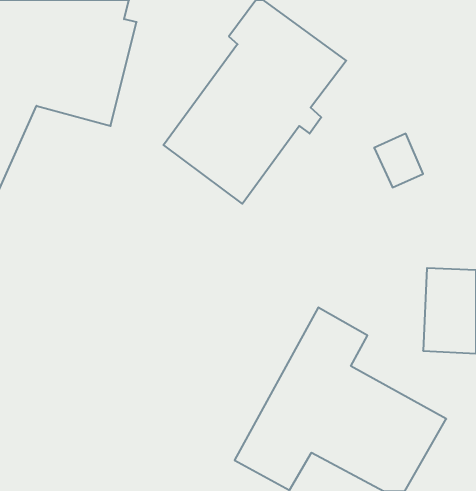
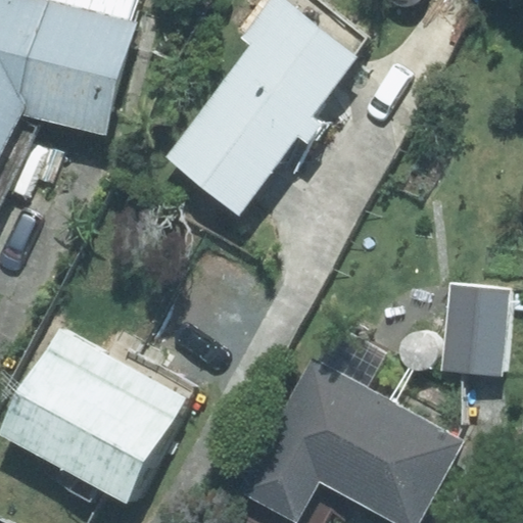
building: none -> [12,331,201,504]

